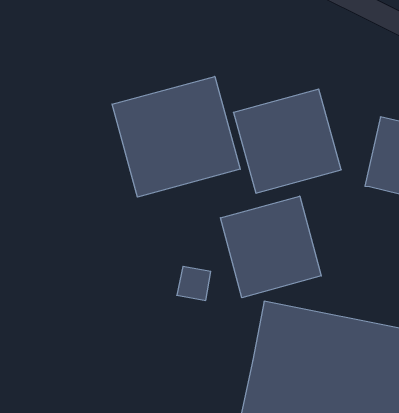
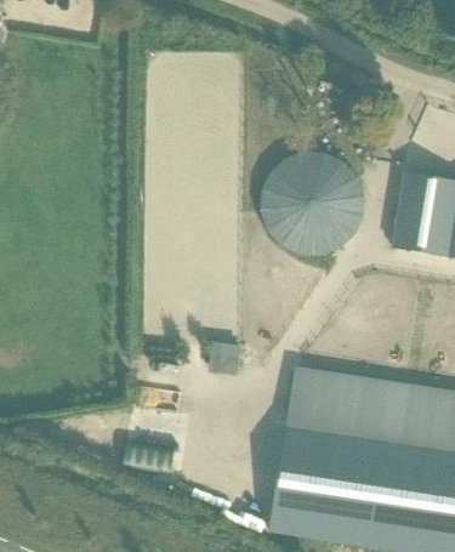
building: [112,76,240,197] -> none
building: [220,196,321,298] -> none

